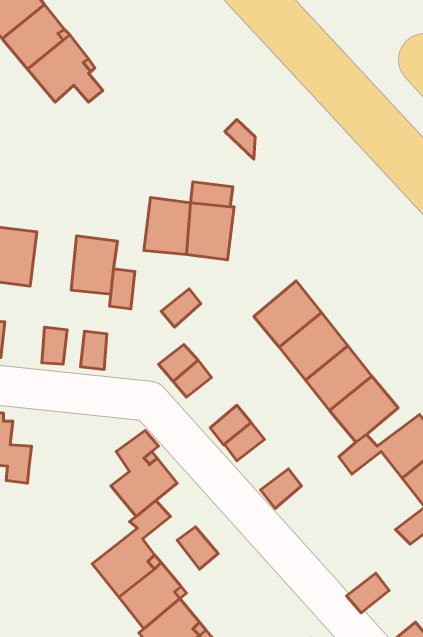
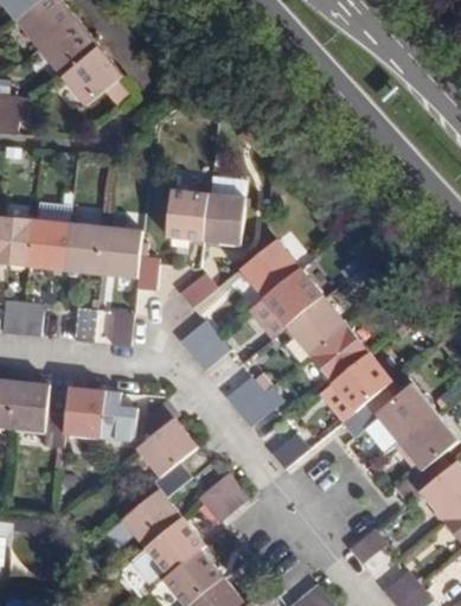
building: none -> [64,222,105,274]
building: none -> [241,236,302,298]
building: none -> [63,387,126,438]

